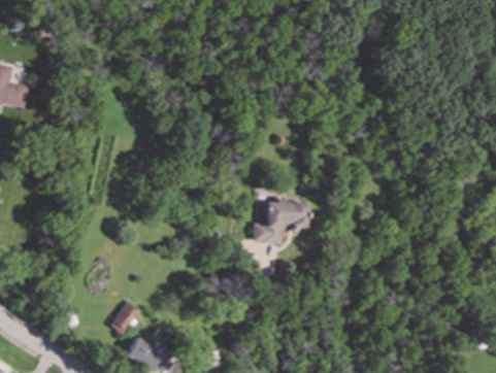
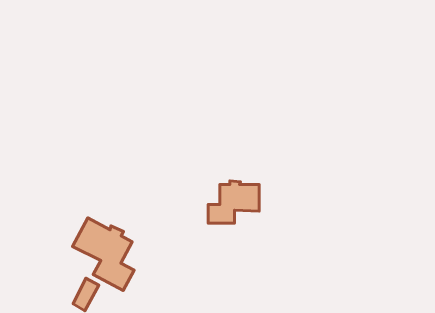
building: none -> [72,218,134,291]

